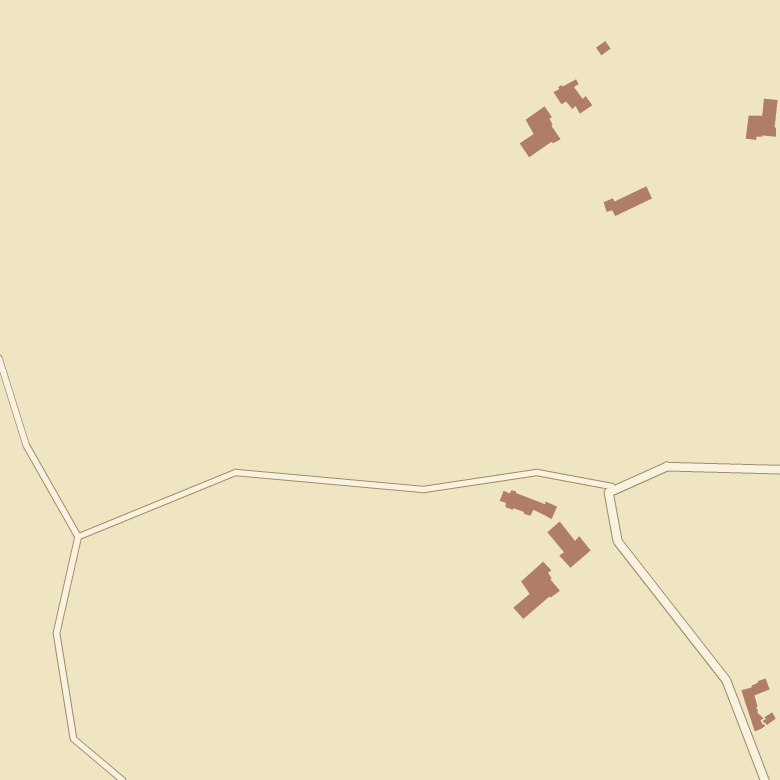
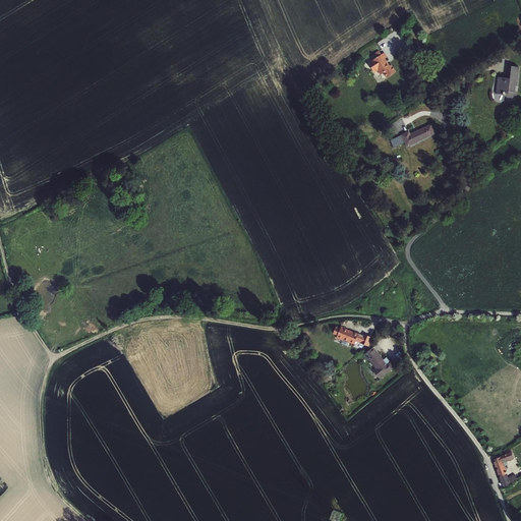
building: [518,105,562,158] -> none
building: [512,561,561,620] -> none

